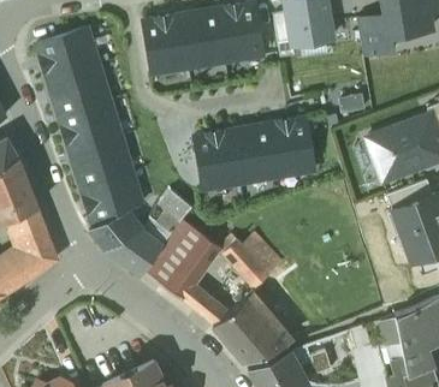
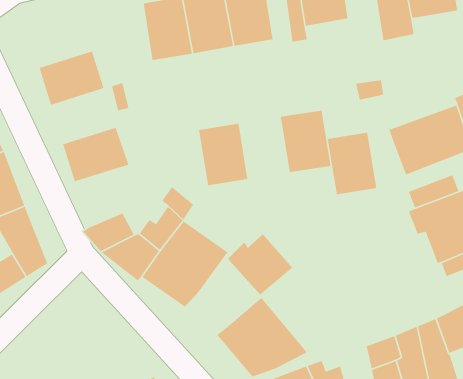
building: [38,30,99,81] -> none
building: [60,100,120,150] -> none
building: [232,125,278,183] -> [327,132,377,195]
building: [82,169,143,226] -> none
building: [183,285,229,323] -> none

